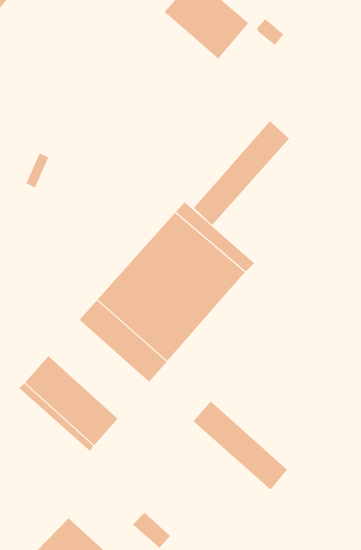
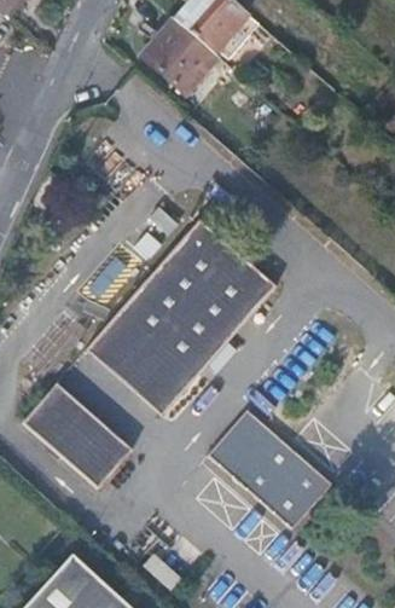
building: none -> [143,18,222,95]
building: [193,121,290,226] -> none
building: none -> [226,407,330,505]

